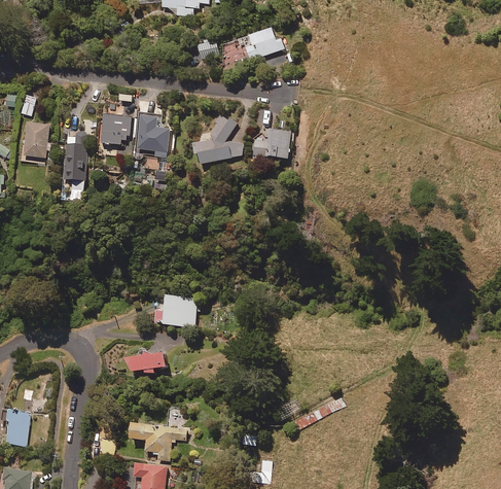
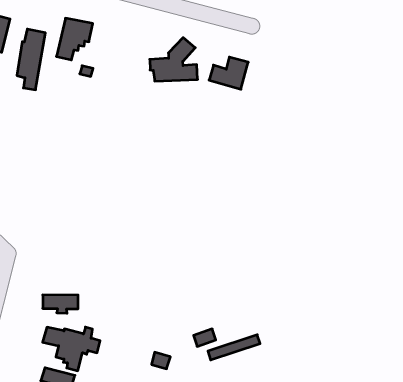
building: [136,114,170,156] -> none
building: [155,293,198,327] -> none
building: [129,352,166,373] -> [43,295,78,313]

